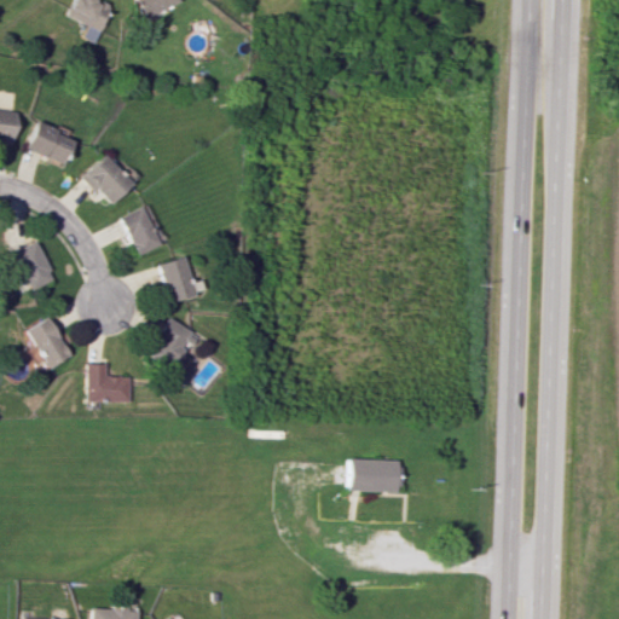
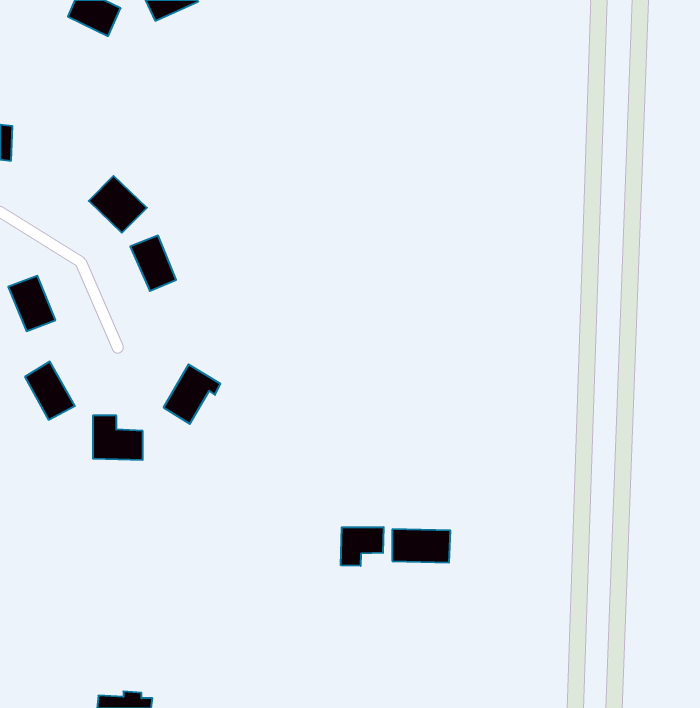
building: [28,121,77,164] -> none
building: [160,255,207,301] -> none
building: none -> [341,527,384,566]

